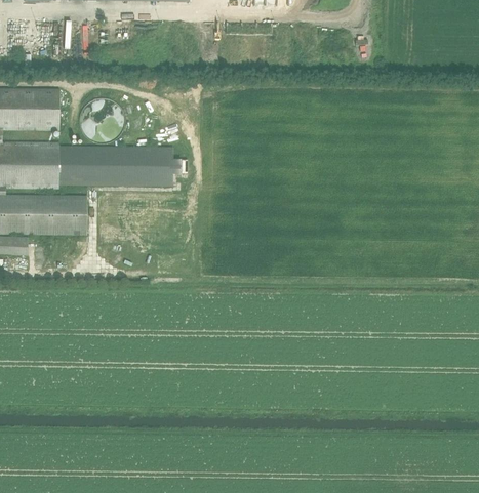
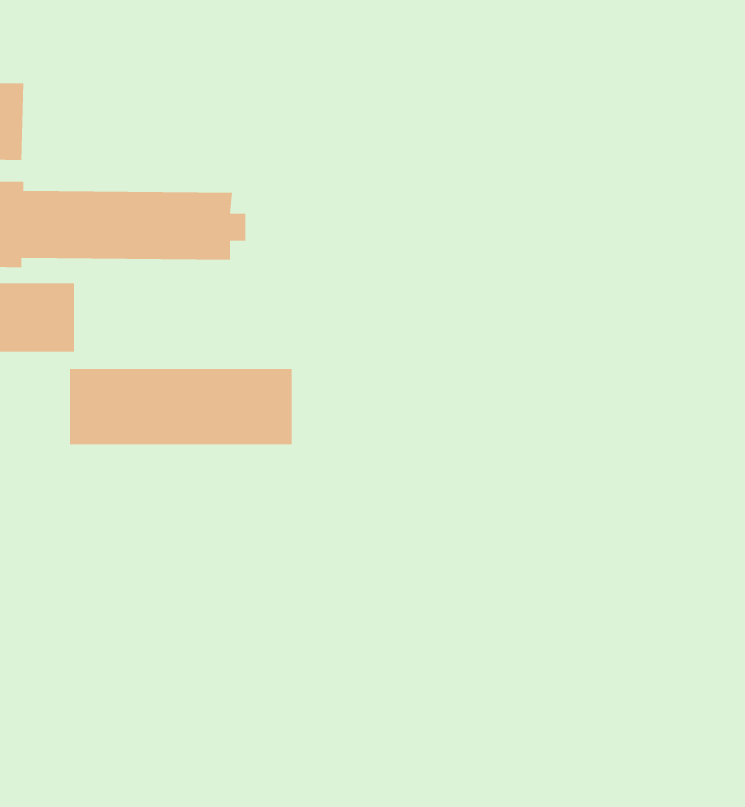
building: none -> [69,368,292,445]

